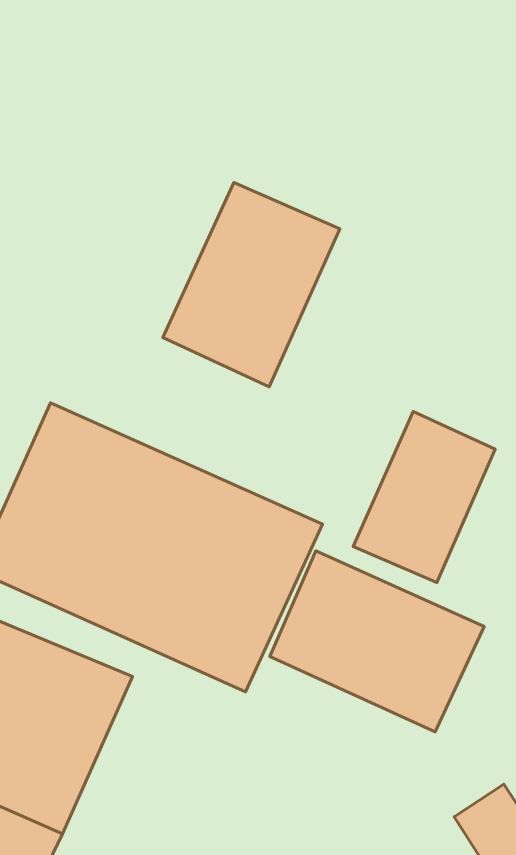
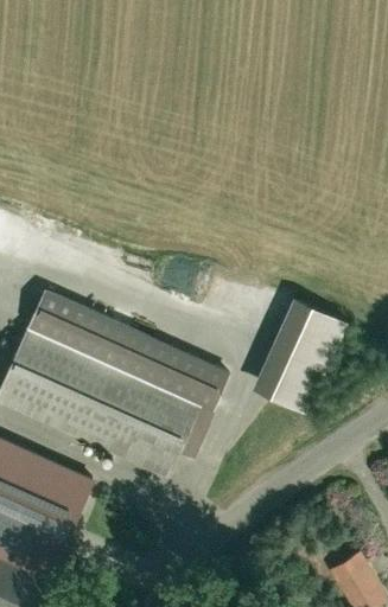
building: [163,183,340,387] -> none
building: [270,551,484,732] -> none

